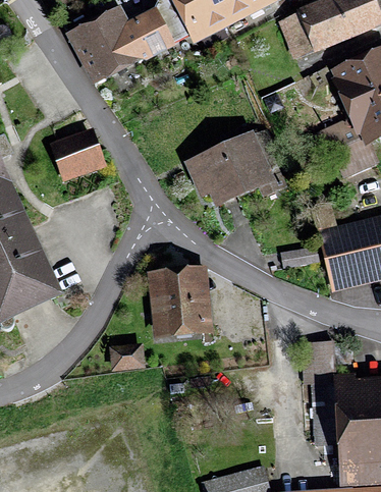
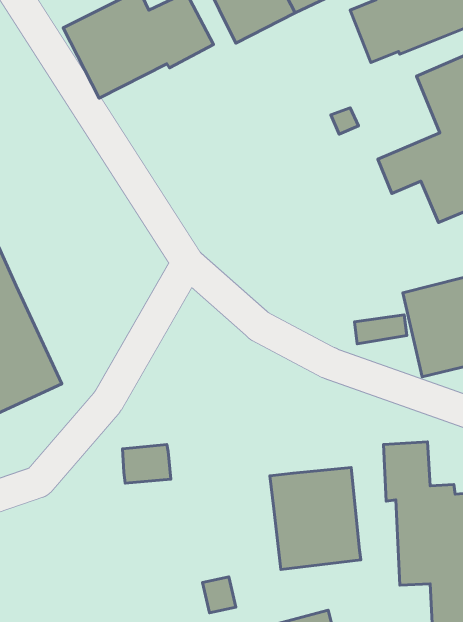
building: [49,125,106,179] -> none
building: [184,129,286,207] -> none
building: [146,264,213,339] -> [270,468,361,570]

